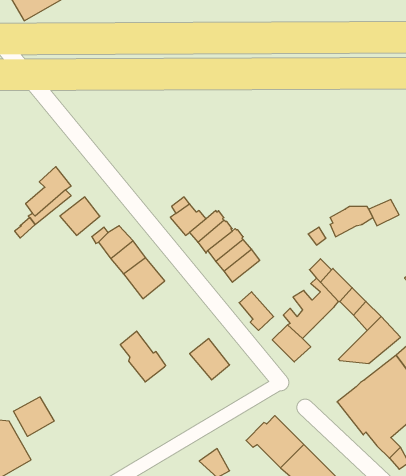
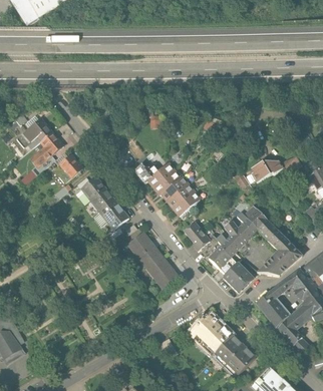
building: none -> [20,119,50,148]
building: [120,331,166,382] -> [129,231,163,268]
building: none -> [222,262,252,292]
building: [14,397,54,436] -> none

